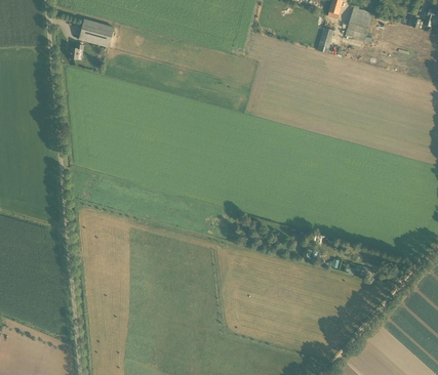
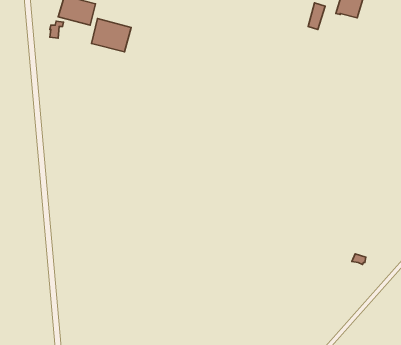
building: none -> [92,19,131,52]

